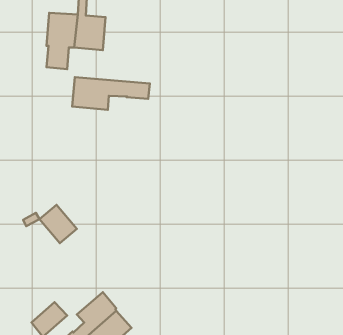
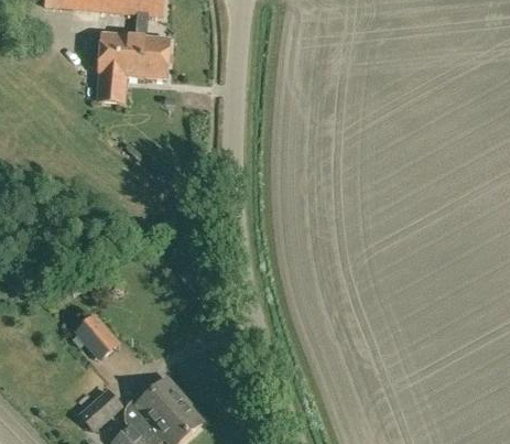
building: [72,77,150,110] -> none
building: [39,205,77,243] -> [74,314,120,361]

